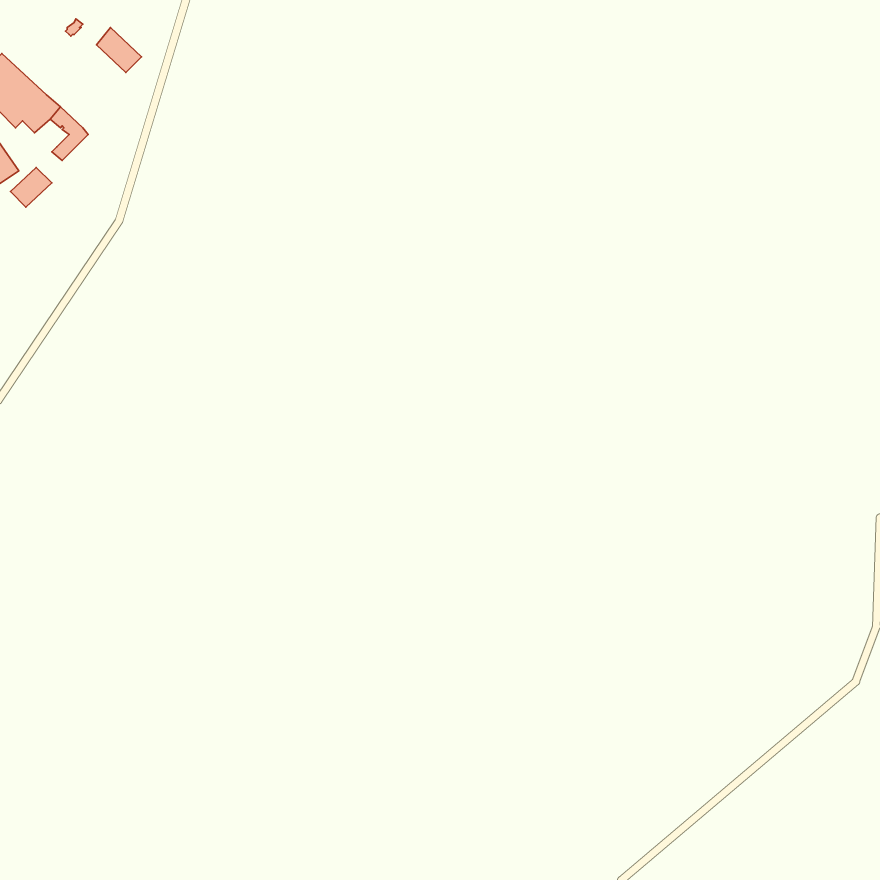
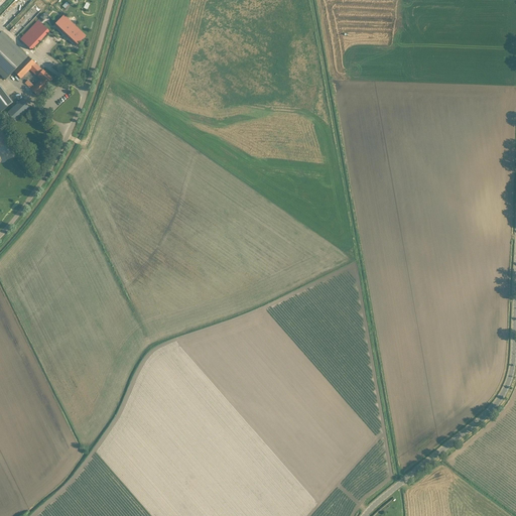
building: none -> [19,21,47,49]

